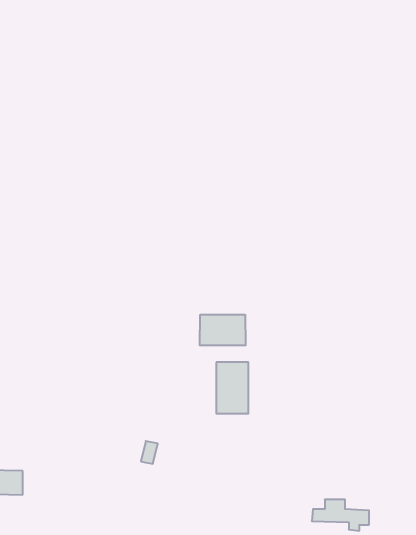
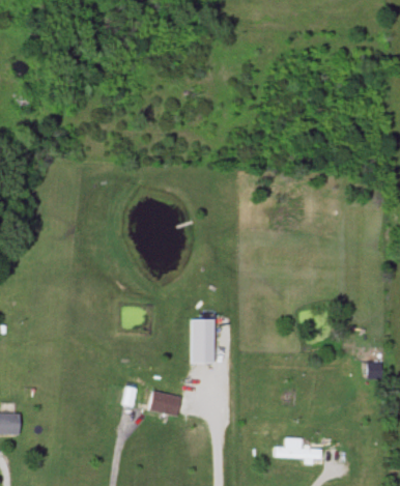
building: [200,315,246,345] -> none
building: none -> [145,392,181,417]

